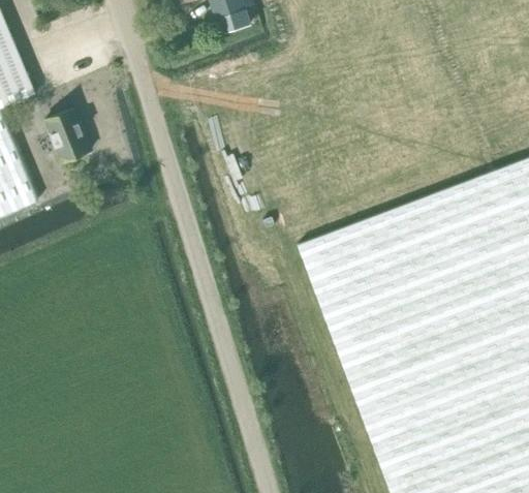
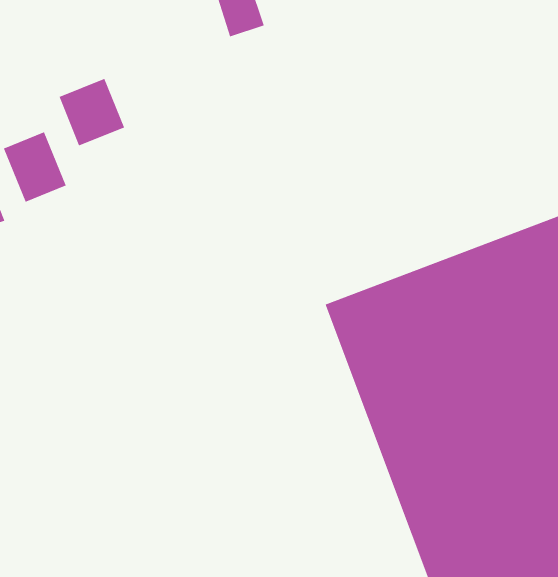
building: none -> [58,78,125,146]

